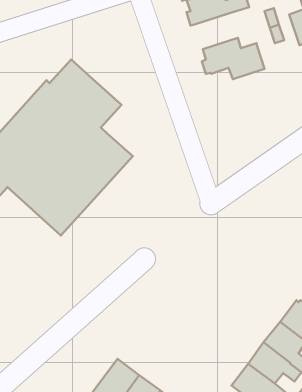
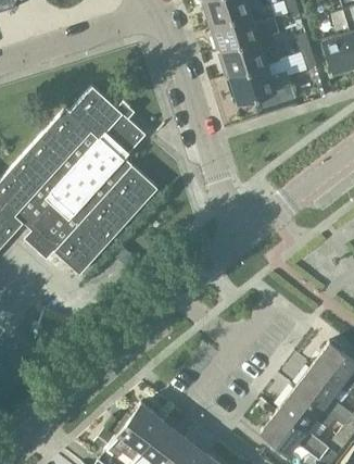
building: none -> [222,39,280,78]

